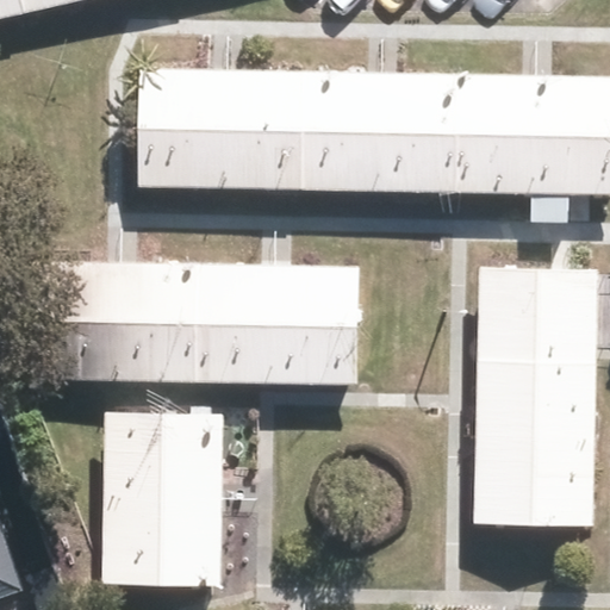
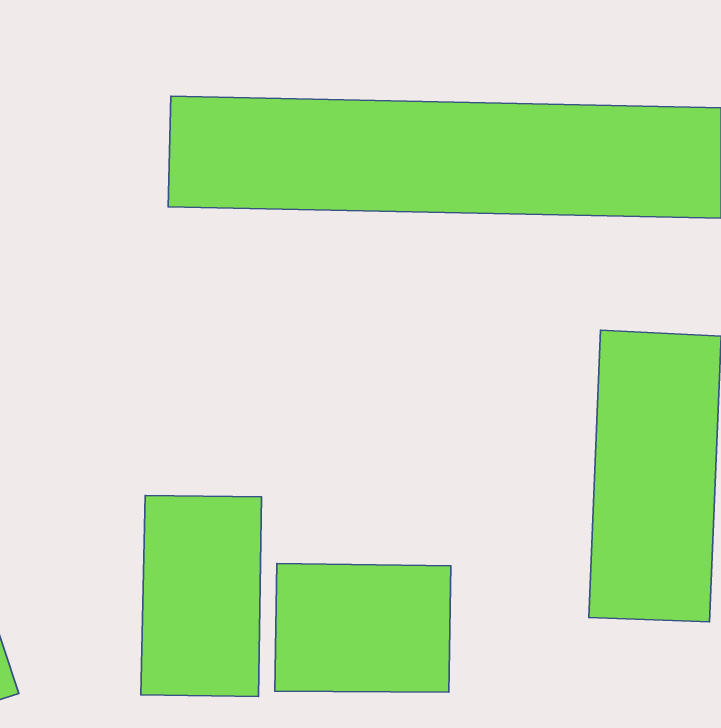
building: [68,278,357,376] -> none
building: none -> [275,563,451,692]

